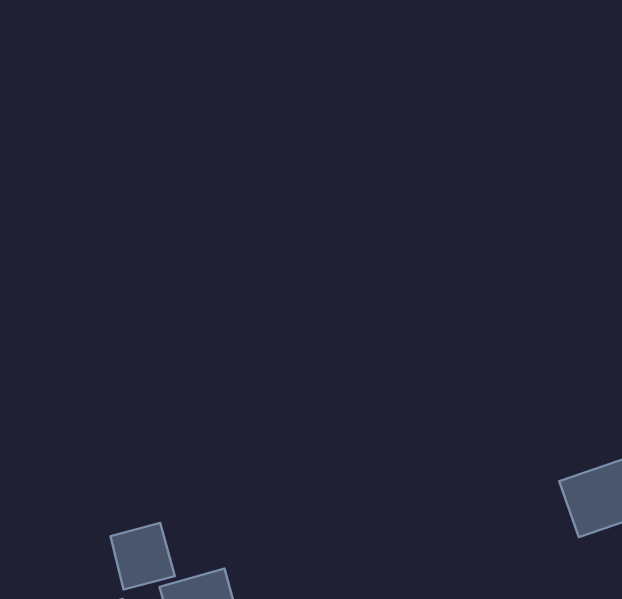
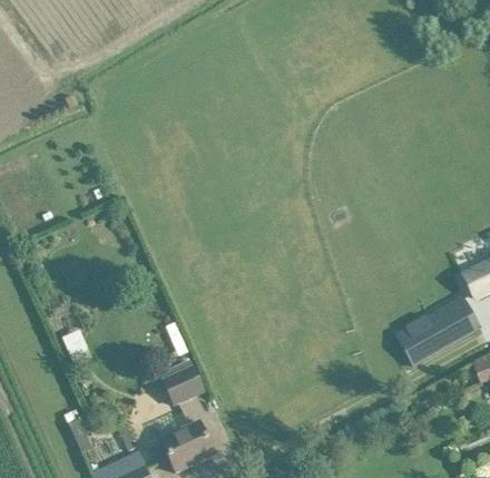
building: [111,523,175,589] -> [161,359,205,403]

